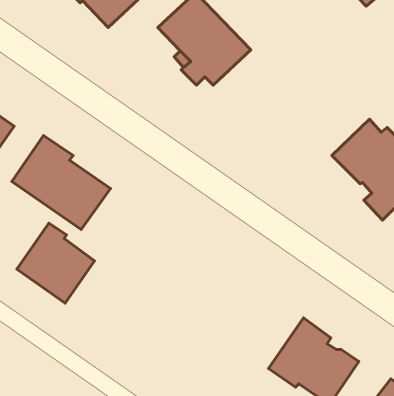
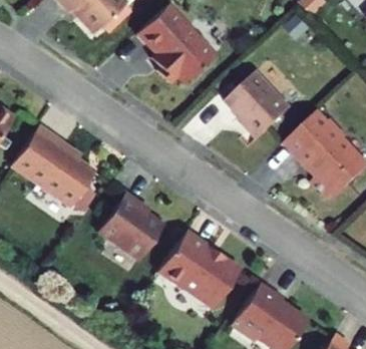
building: none -> [224,71,291,138]
building: [17,223,95,303] -> [97,192,163,260]
building: none -> [155,230,240,308]

